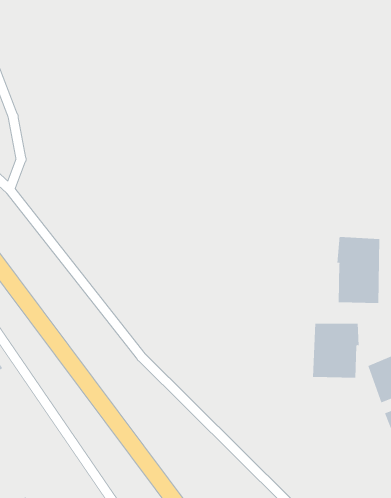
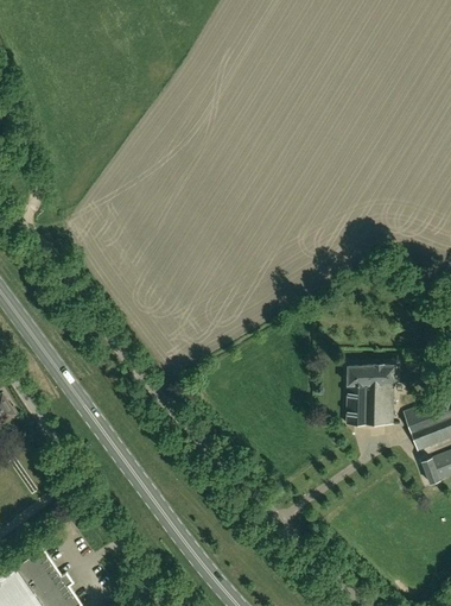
building: [337,236,380,304] -> none

